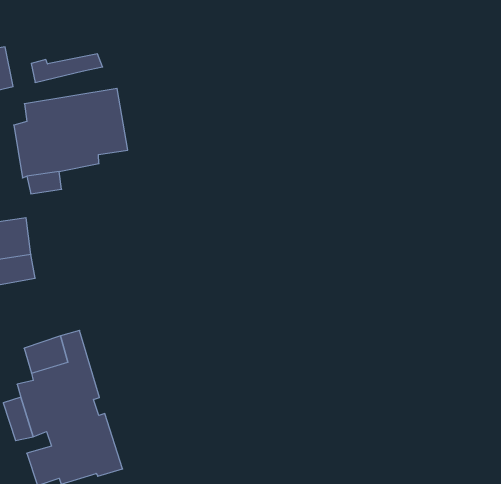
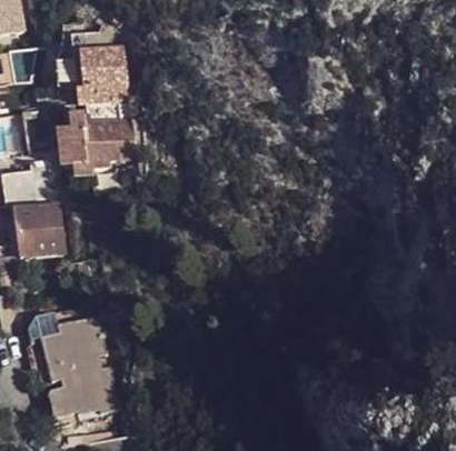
building: none -> [77,49,120,90]

